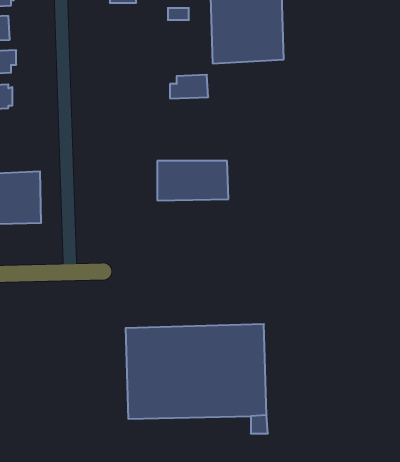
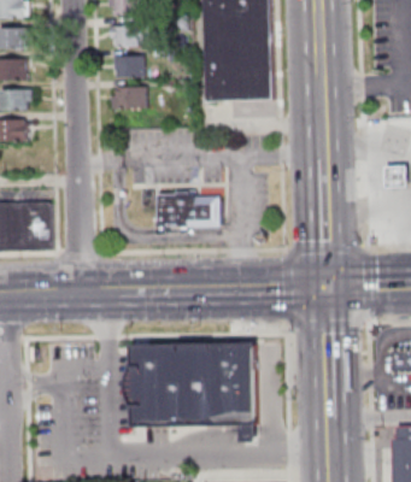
building: none -> [113,57,142,77]
building: [170,75,208,98] -> [110,87,145,108]

